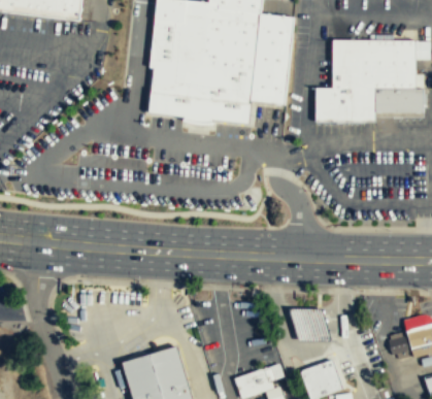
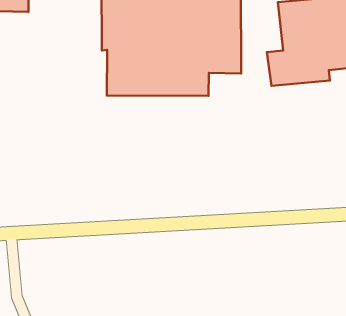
building: [291,308,333,343] -> none

